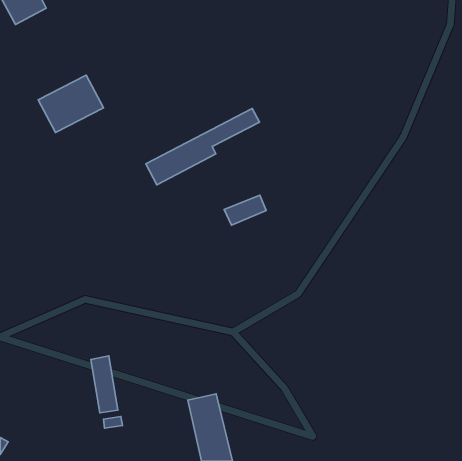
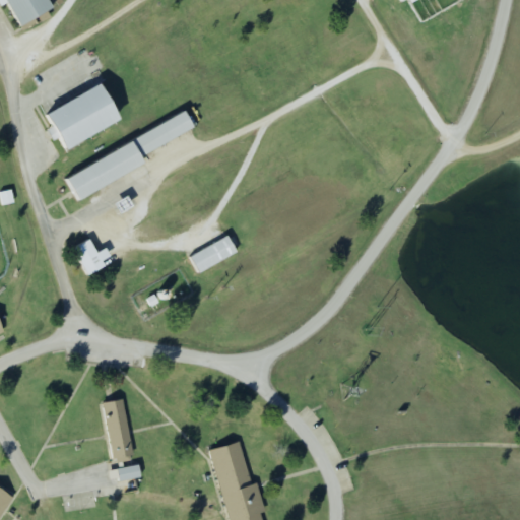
building: [146,109,259,185] -> [66,113,193,198]
building: [224,195,266,225] -> [190,237,237,270]
building: none -> [74,240,111,274]

